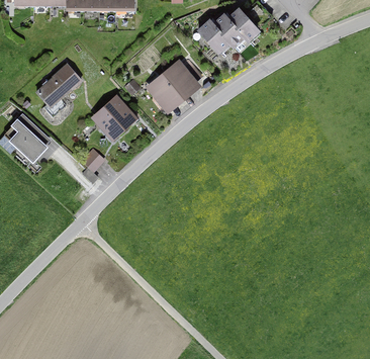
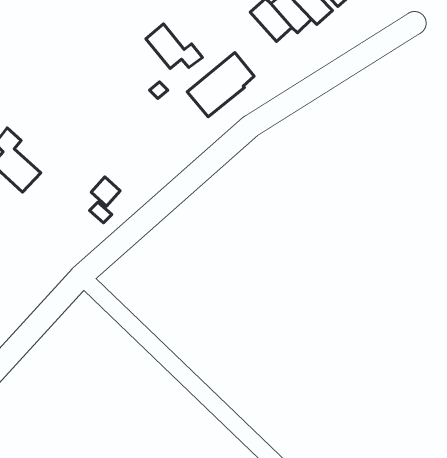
building: none -> [146,24,203,68]
building: [36,64,80,105] -> none
building: [96,99,128,133] -> none

